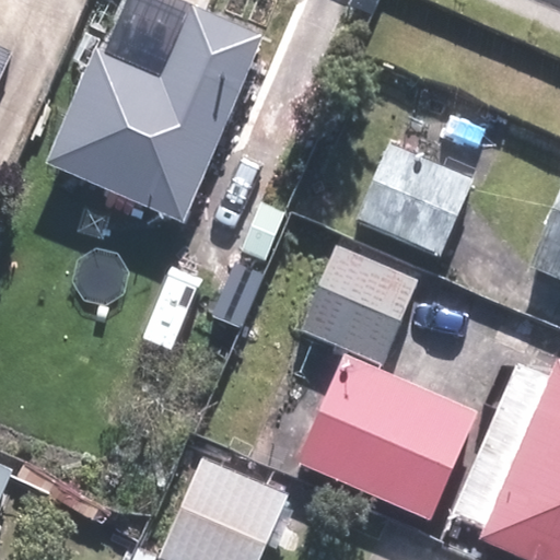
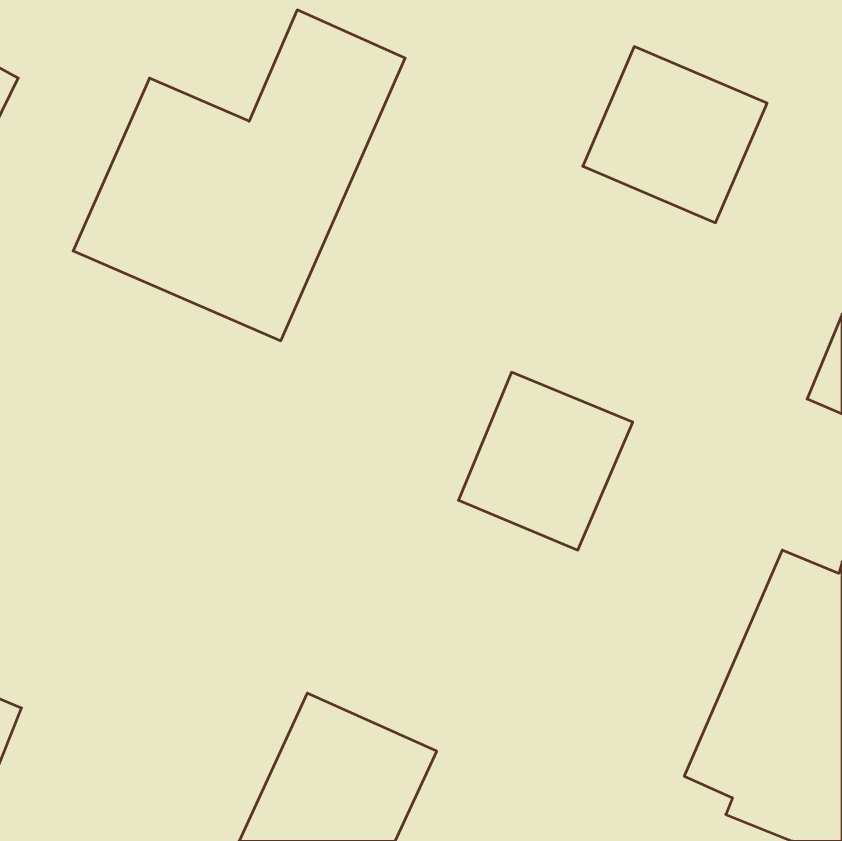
building: [354,141,476,257] -> [583,47,767,223]
building: [300,357,479,520] -> none

